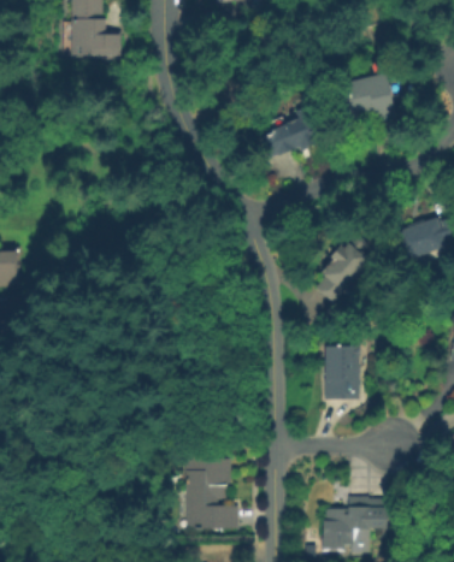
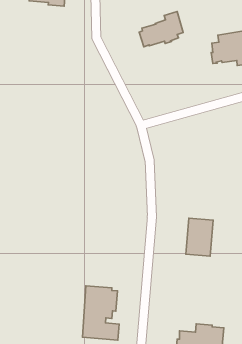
building: [261,105,324,159] -> [139,12,183,47]
building: [314,233,376,304] -> none

